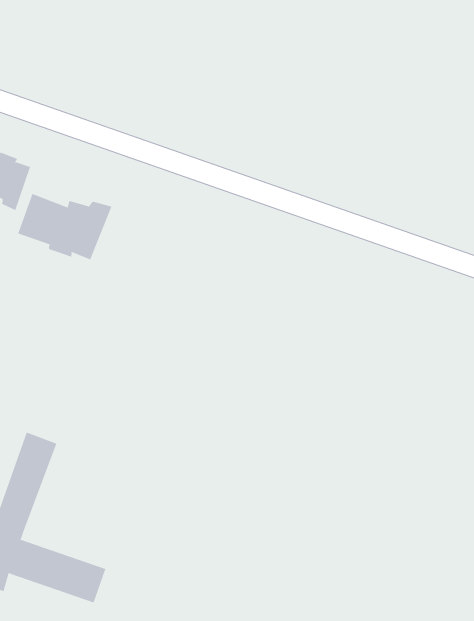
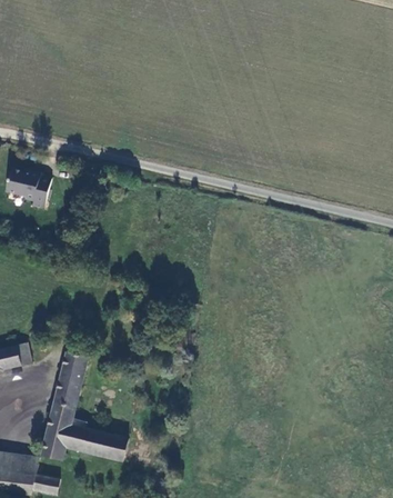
building: [17,193,112,260] -> none

